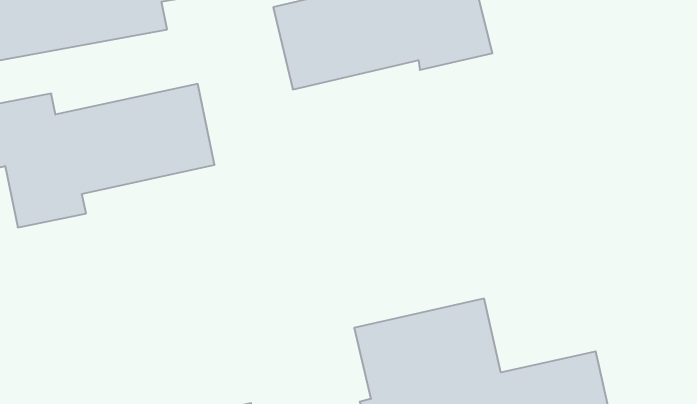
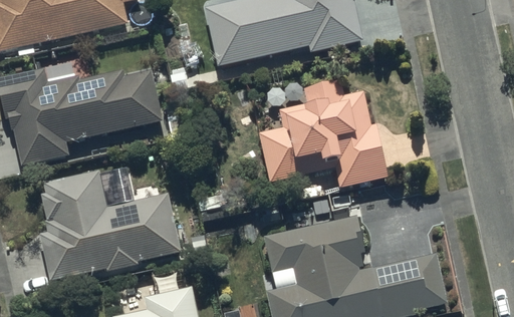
building: none -> [257,80,387,189]
building: none -> [39,169,181,283]

